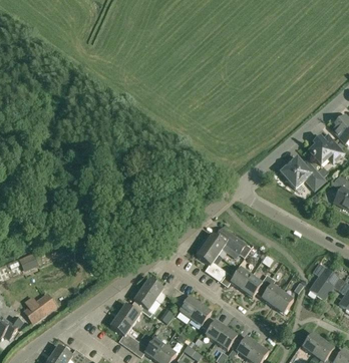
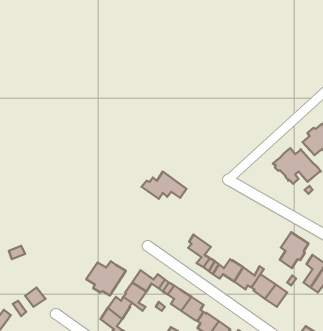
building: [202,227,246,254] -> [142,172,186,199]
building: none -> [280,232,309,268]
building: none -> [86,261,126,295]

